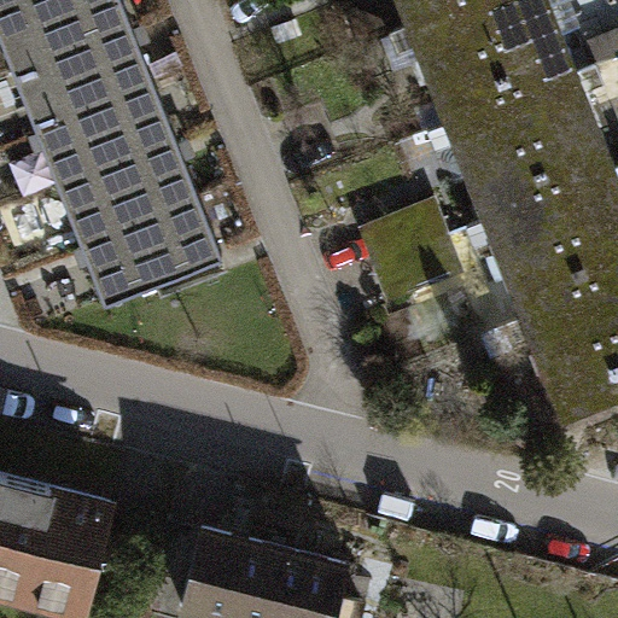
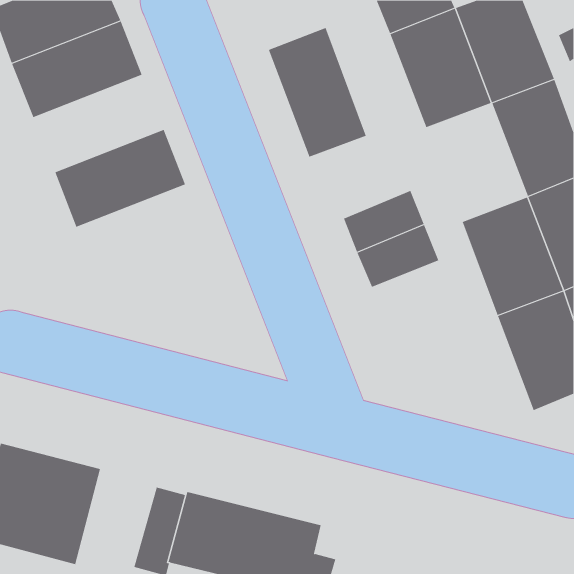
building: none -> [268,27,366,158]
building: [35,84,175,188] -> none
building: [454,115,562,241] -> none
building: [81,202,221,304] -> none

